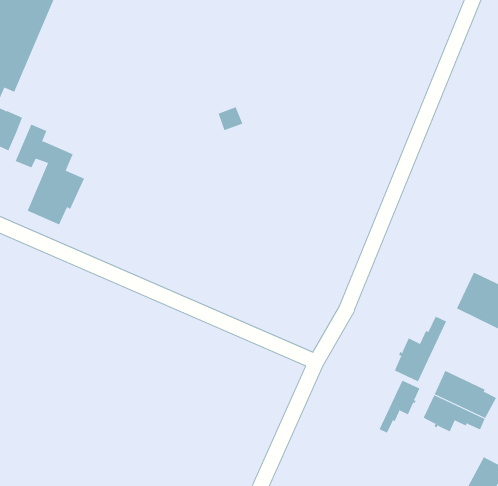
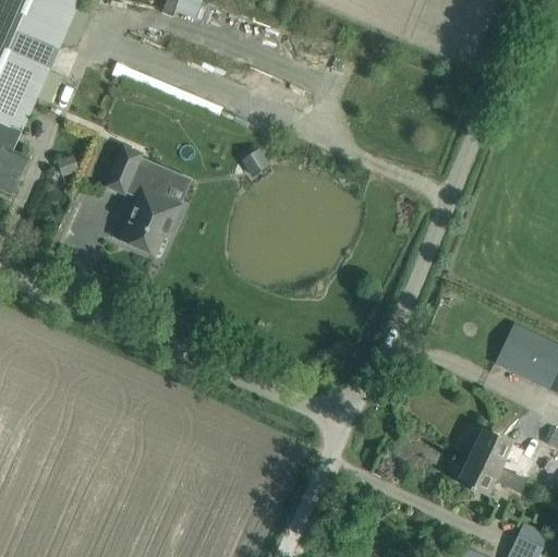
building: [15,124,85,225] -> [107,146,182,255]
building: [394,316,447,382] -> none
building: [379,380,420,434] -> none

